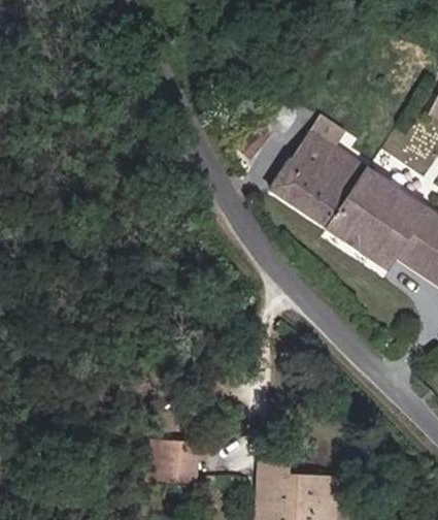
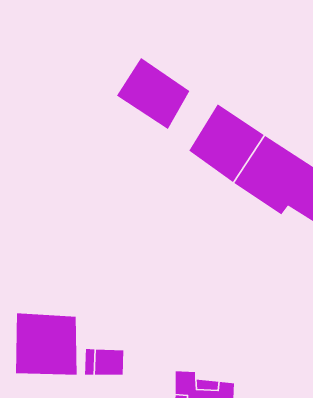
building: none -> [116,57,191,130]
building: none -> [15,313,77,376]

